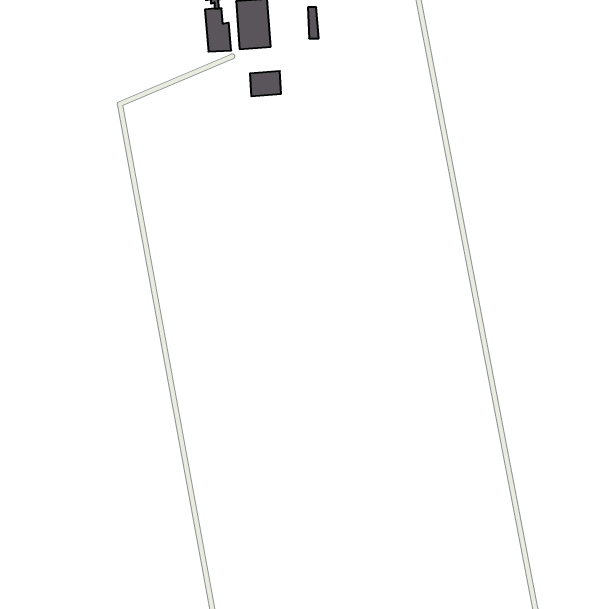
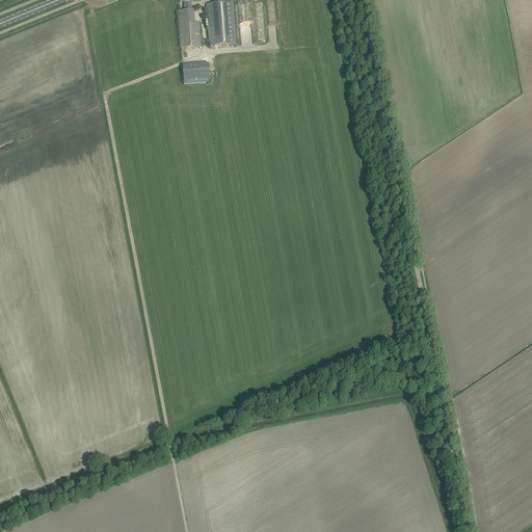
building: [250,71,281,96] -> [182,60,209,82]

